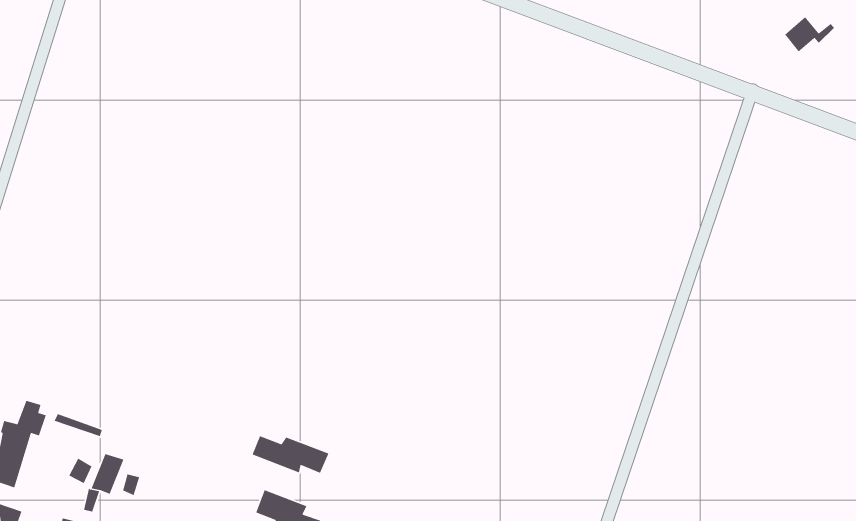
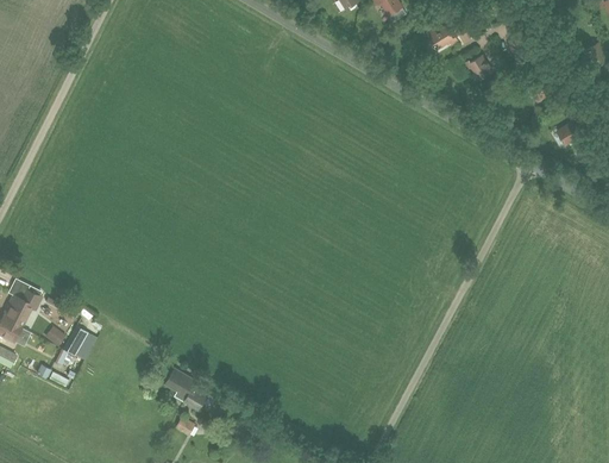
building: [252,435,330,474] -> none

